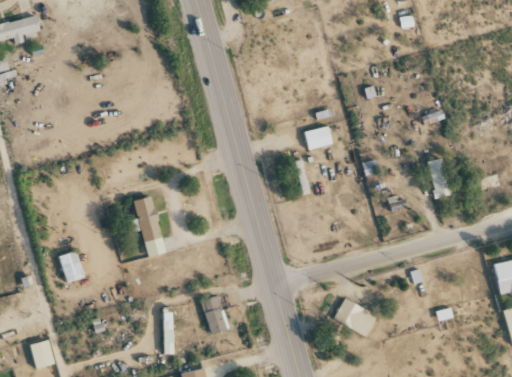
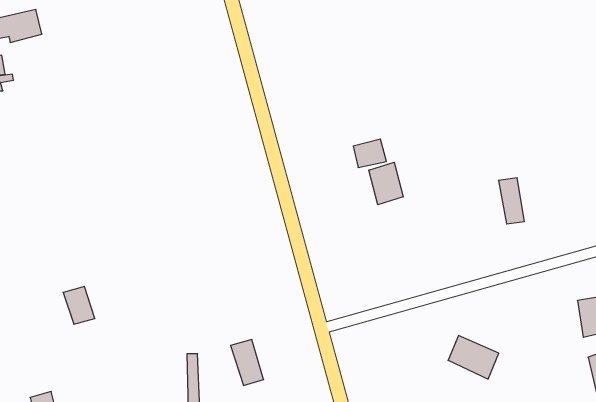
building: none -> [369,162,403,205]
building: [130,195,165,256] -> none
building: [333,299,376,336] -> [448,336,499,379]

